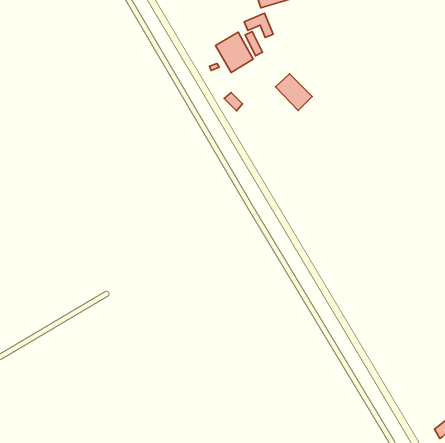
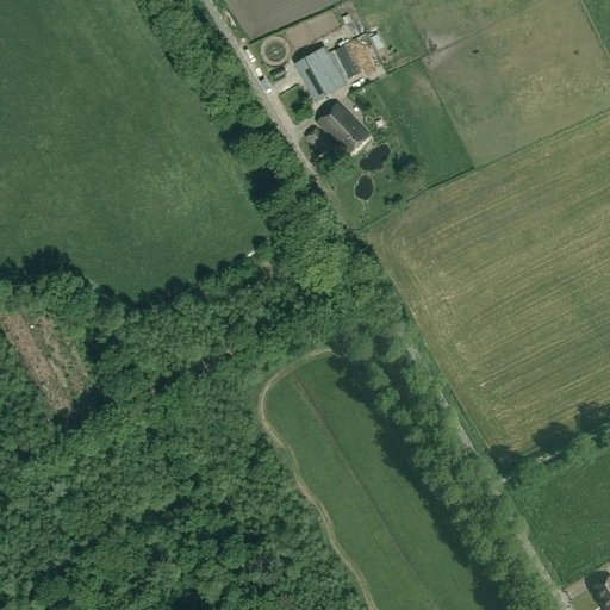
building: [276,74,312,110] -> [319,101,369,151]

